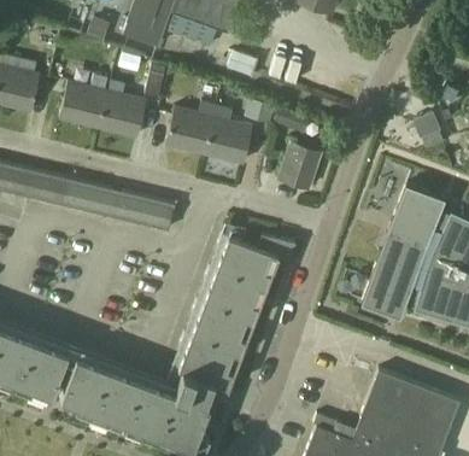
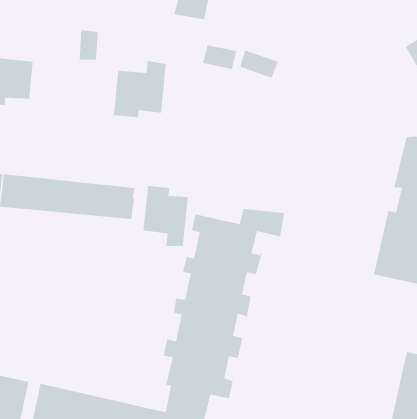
building: [99,82,147,138] -> none
building: [205,109,253,164] -> none
building: [280,142,322,191] -> none
building: none -> [143,185,189,247]

